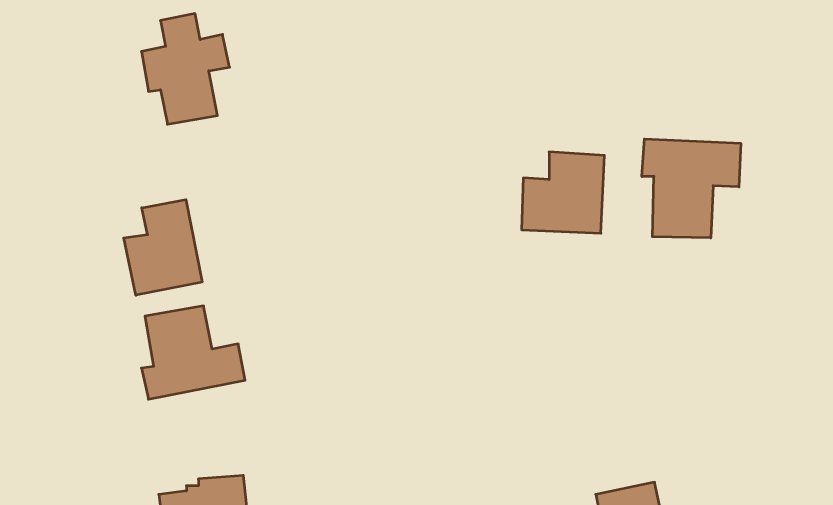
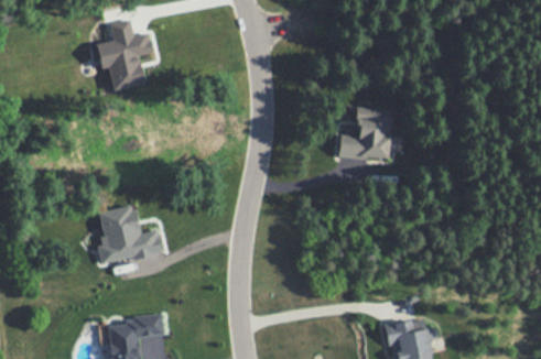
building: [642,139,741,238] -> none
building: [124,200,202,295] -> none

